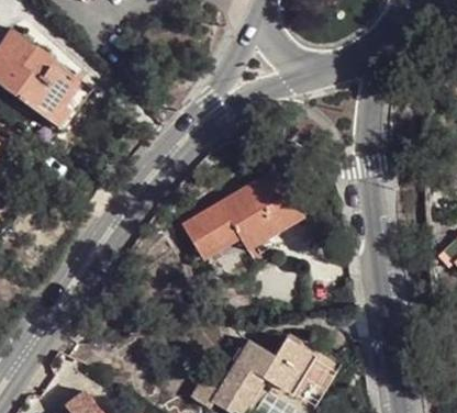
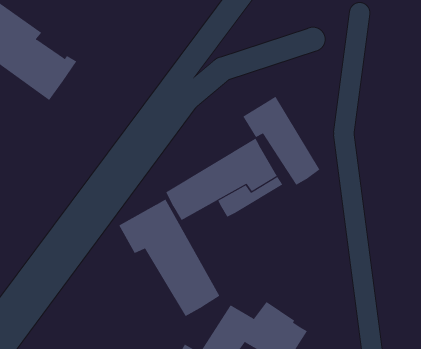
building: none -> [243,96,320,186]
building: none -> [119,198,220,317]

